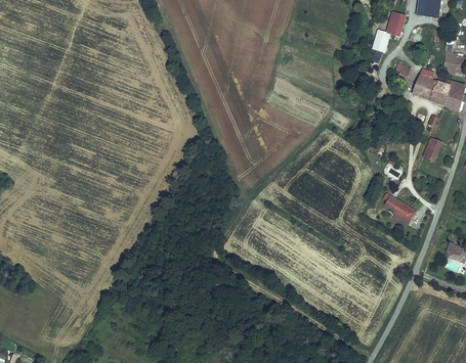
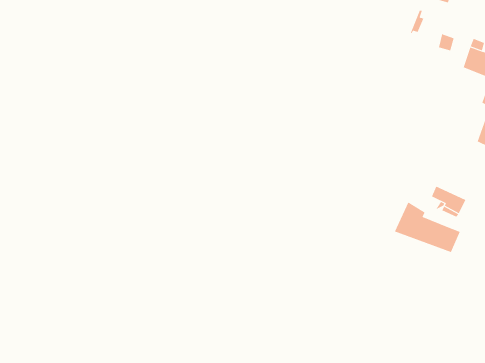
building: none -> [394,202,461,253]

